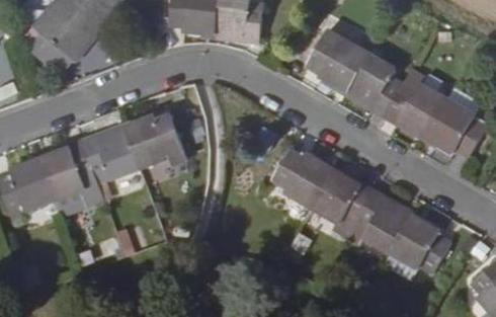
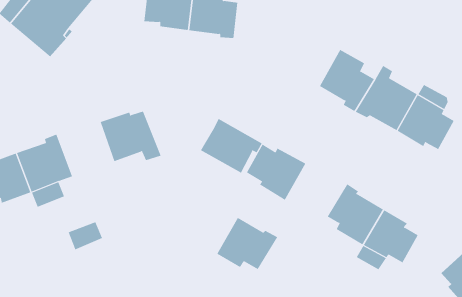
building: [307,31,368,91] -> none
building: none -> [200,118,263,174]
building: [81,128,139,183] -> none
building: [313,170,376,224] -> [216,217,278,270]

